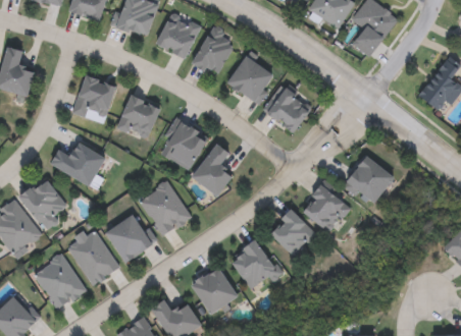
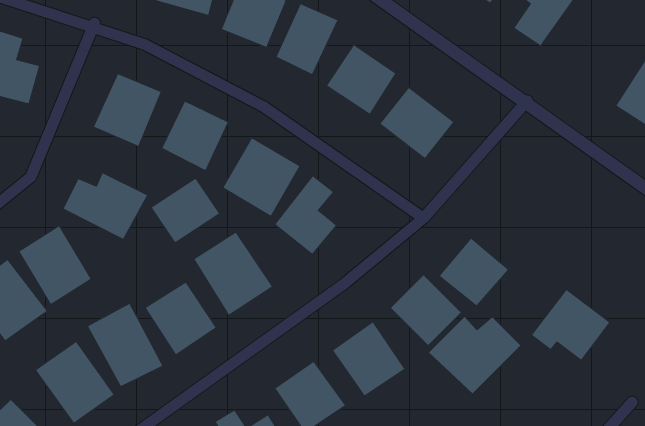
building: none -> [151,178,220,243]
building: [343,155,396,203] -> [531,289,610,361]
building: none -> [428,316,521,394]

